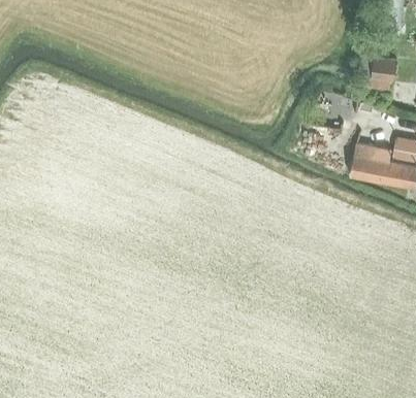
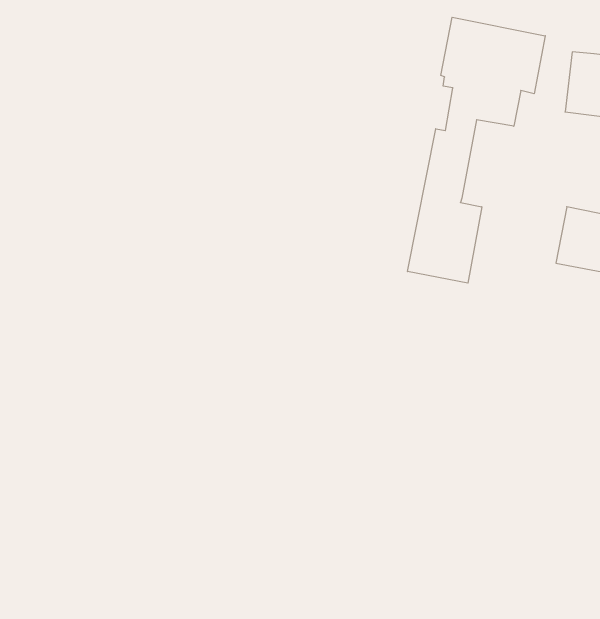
building: none -> [408,17,545,283]

